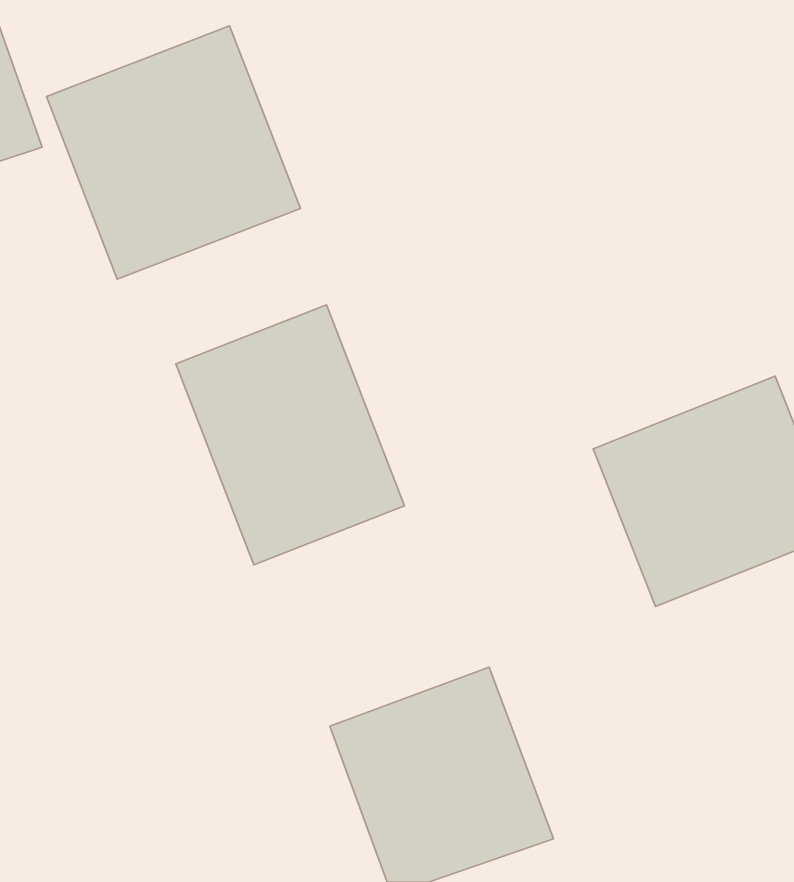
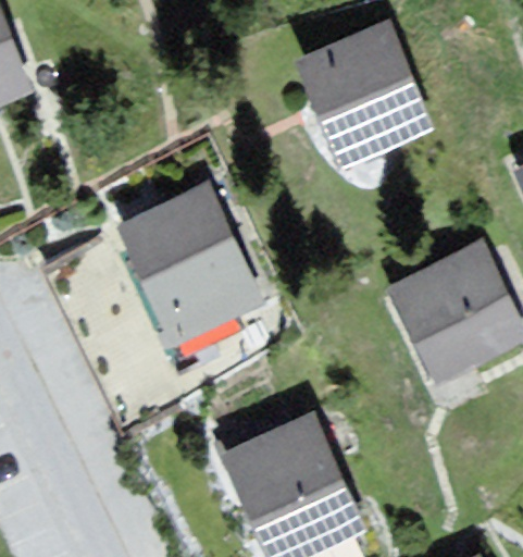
building: [47,26,300,279] -> none
building: none -> [290,21,437,165]

